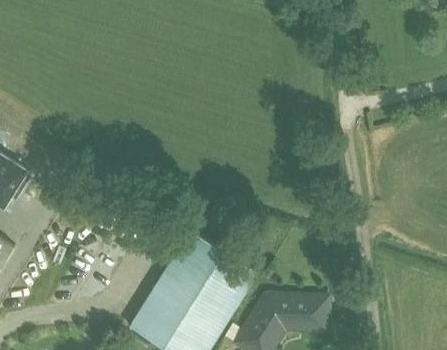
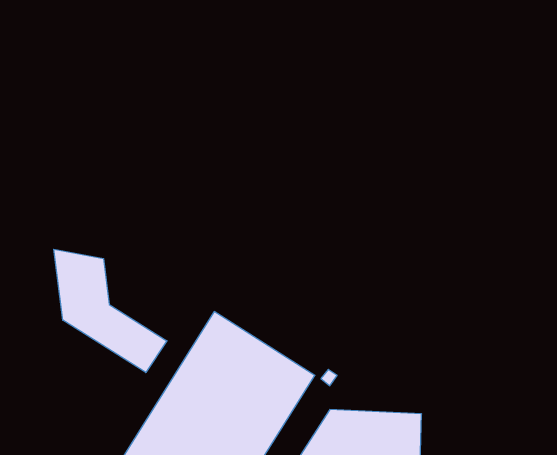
building: none -> [54,249,167,373]

